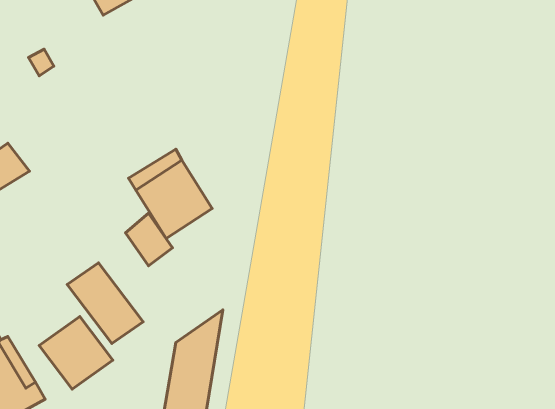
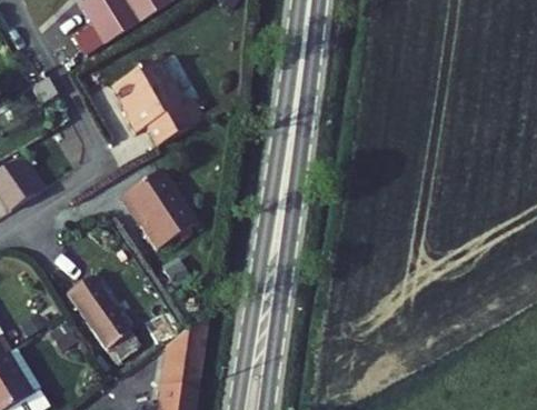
building: none -> [109,56,195,148]
building: [126,213,172,266] -> none
building: [39,317,113,389] -> none

